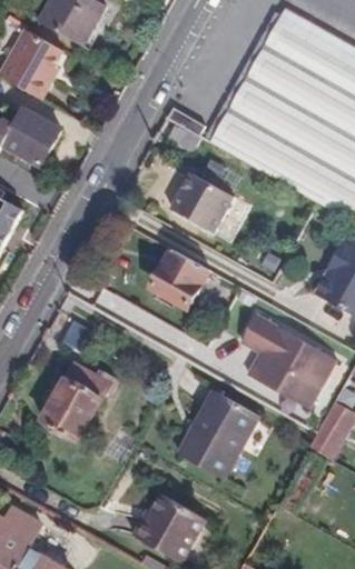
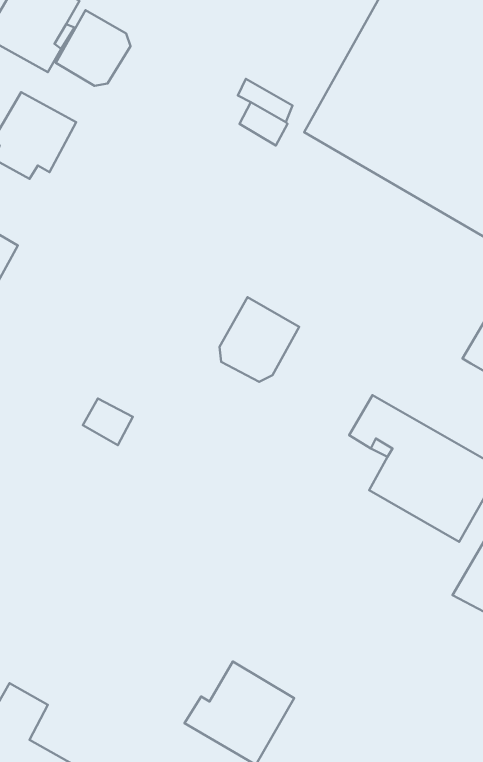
building: none -> [56,10,130,86]
building: [170,170,233,229] -> none
building: [42,361,115,440] -> none
building: [179,390,259,478] -> none

